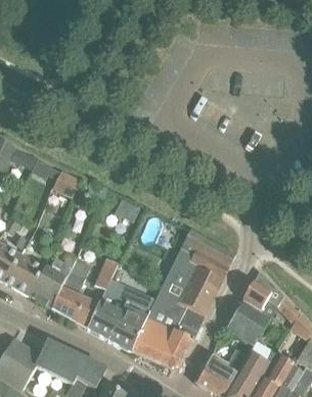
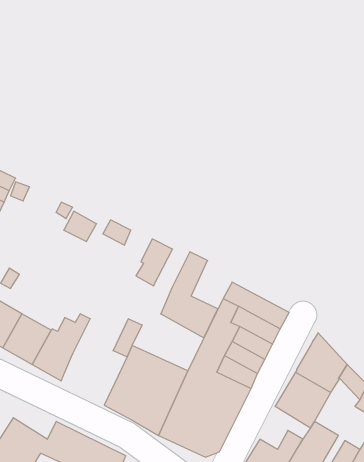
building: [52,258,98,328] -> [161,252,218,338]

